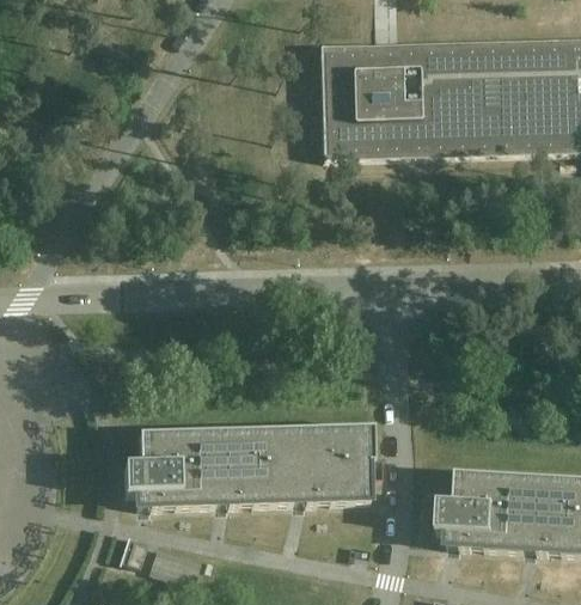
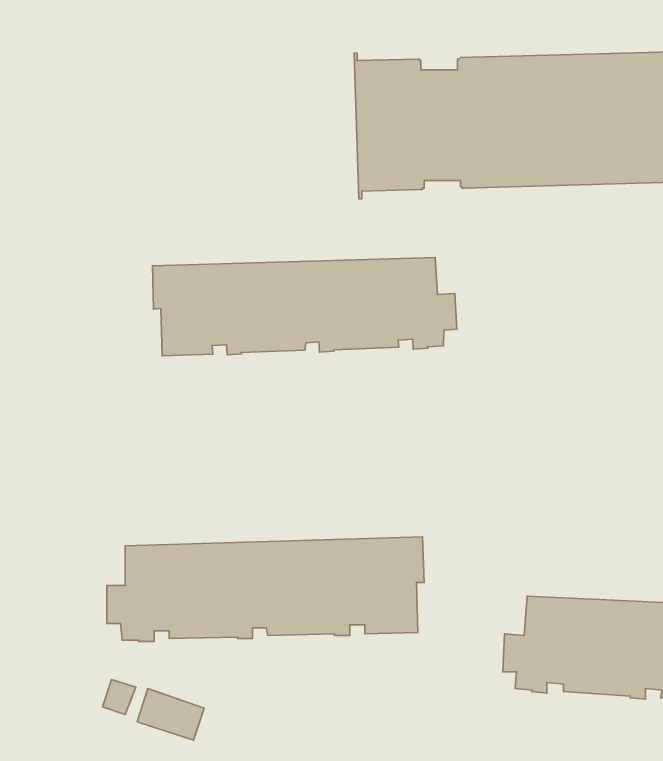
building: none -> [152,257,457,356]

